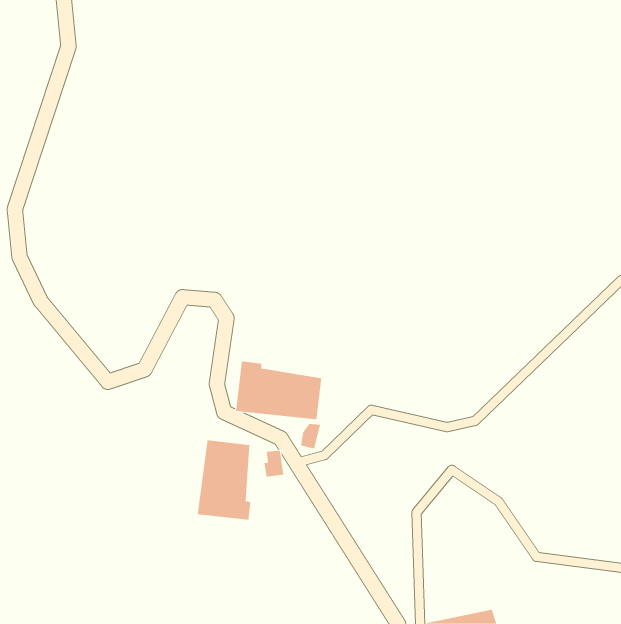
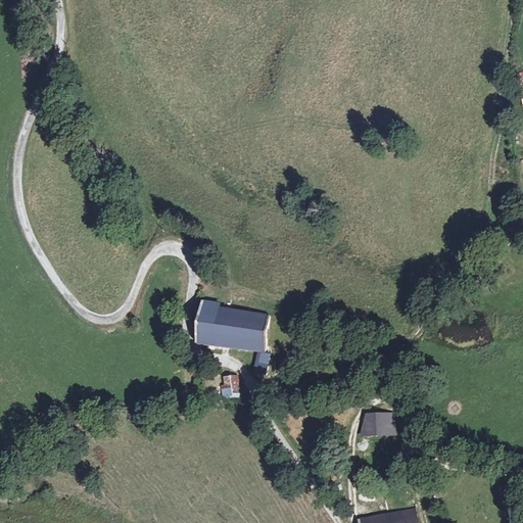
building: [197,440,251,521] -> none
building: none -> [360,414,391,435]

